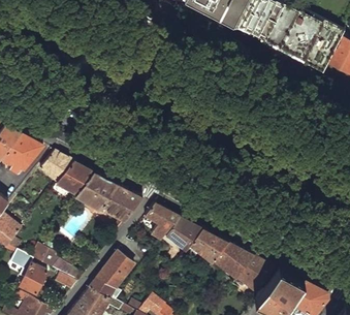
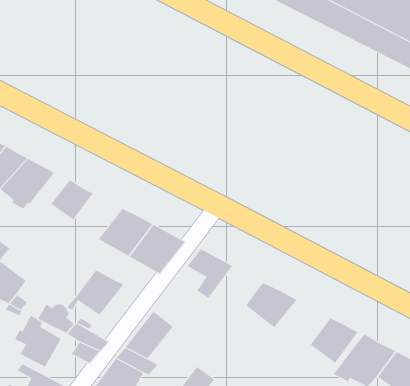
building: [50,161,94,196] -> [66,270,124,316]
building: [164,217,201,251] -> none
building: [213,243,253,282] -> none

